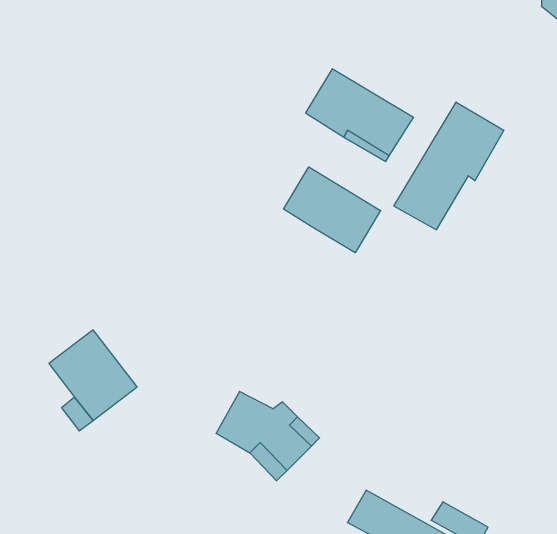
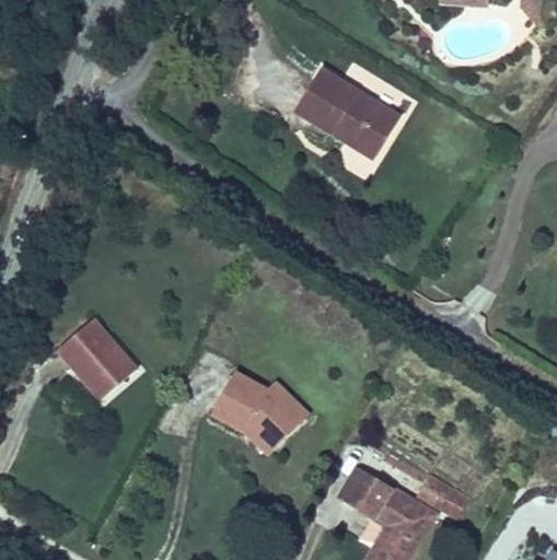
building: [394,102,504,230] -> none
building: [284,167,381,253] -> none

